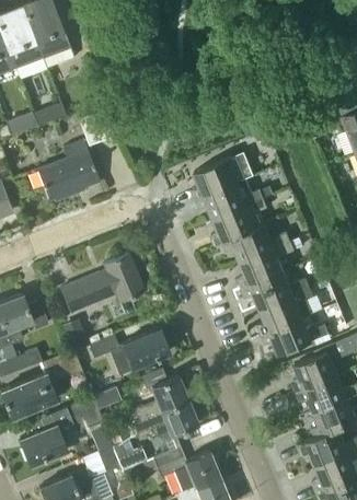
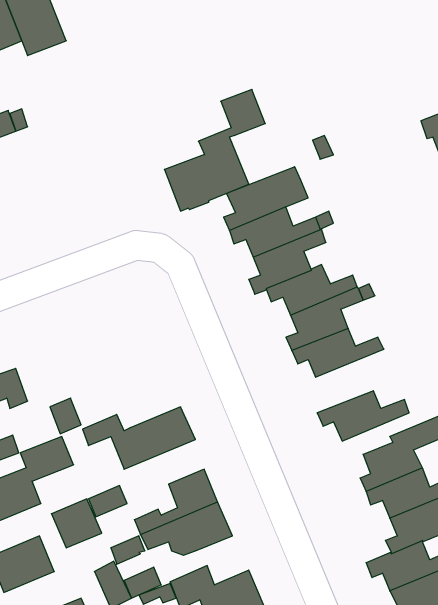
building: [37,111,112,200] -> [164,89,265,211]
building: [61,254,146,313] -> none
building: [257,286,313,333] -> none

